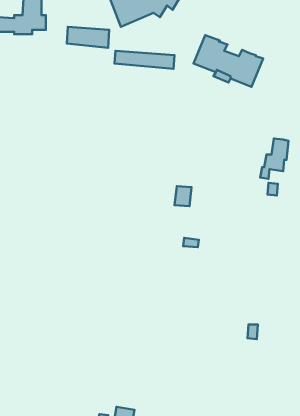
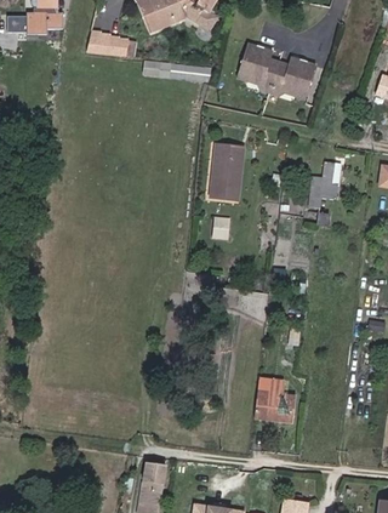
building: none -> [209,144,240,198]
building: none -> [253,392,295,422]

